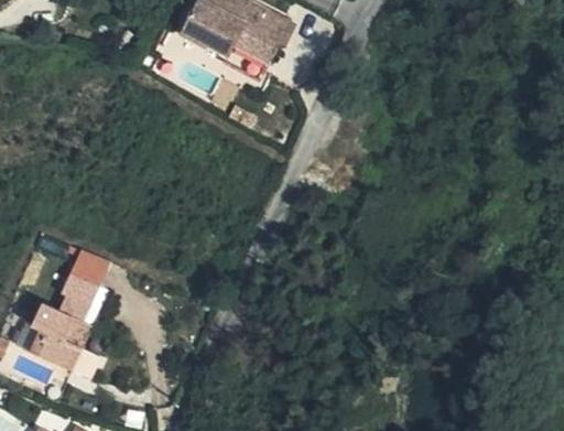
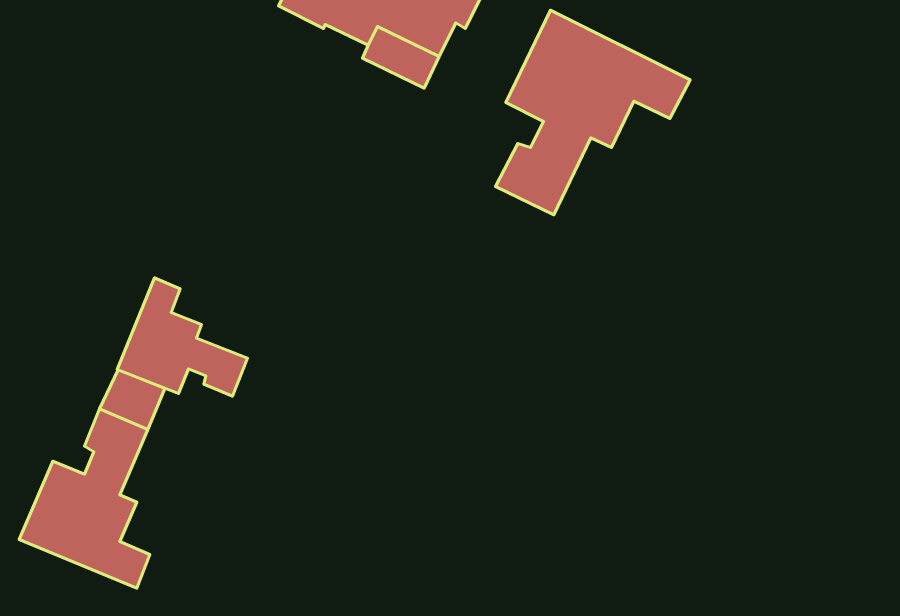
building: none -> [496,10,690,215]
building: none -> [117,278,248,396]

